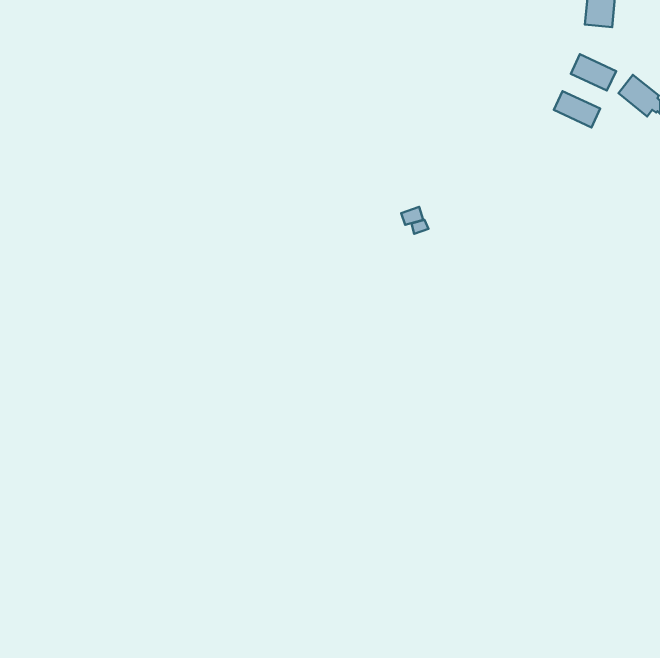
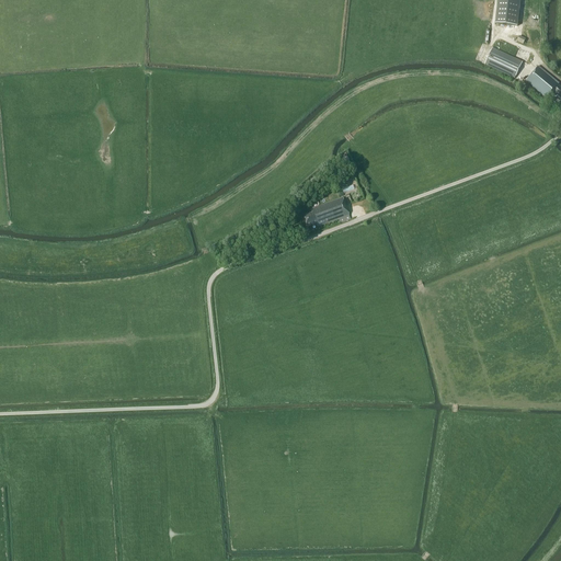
building: [554,91,600,127] -> none
building: none -> [301,196,347,225]

